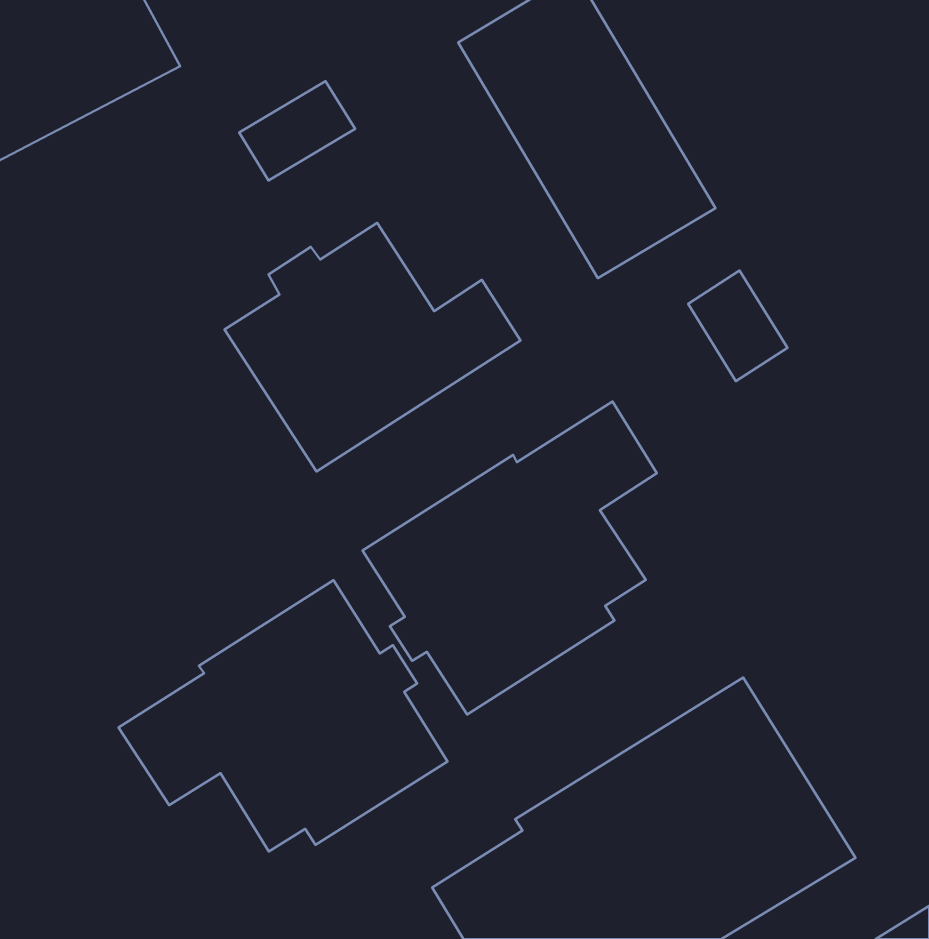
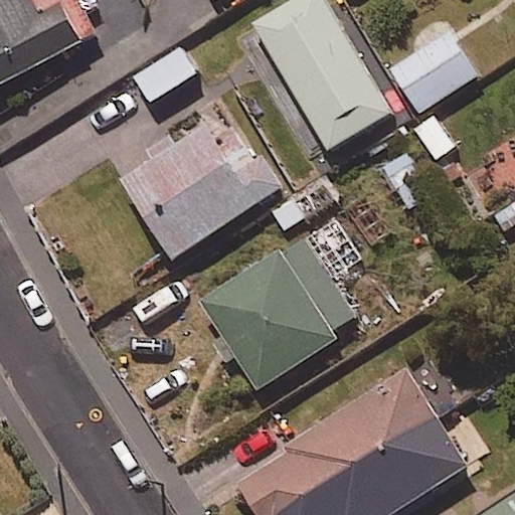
building: none -> [389,28,474,109]
building: [119,580,448,852] -> none

